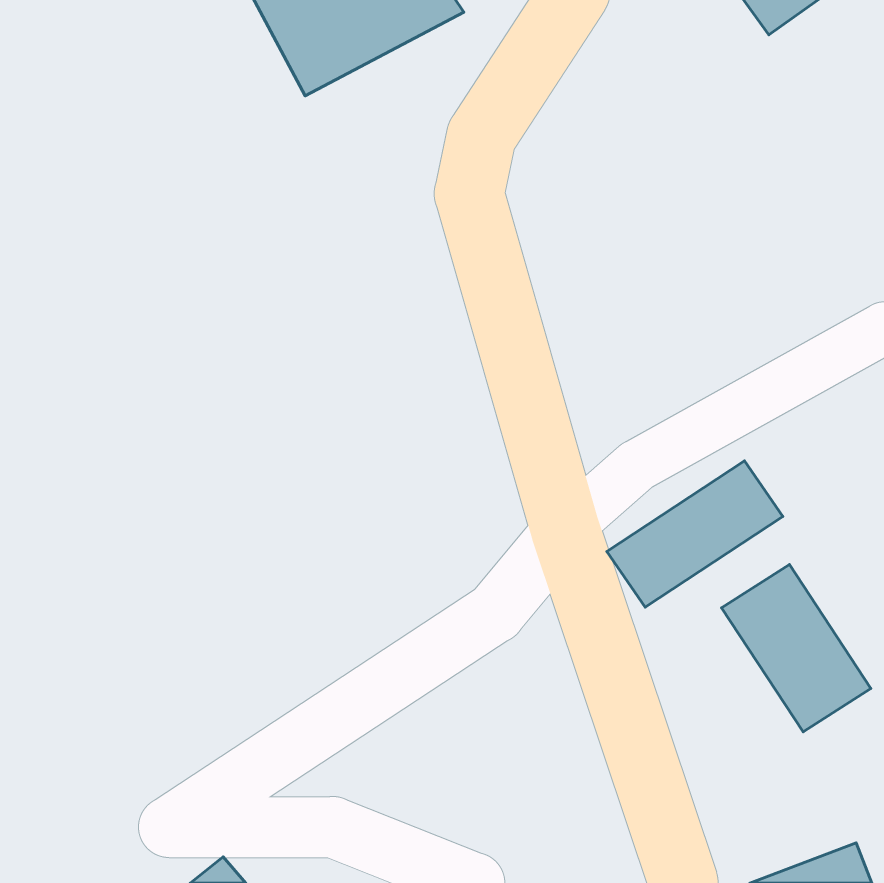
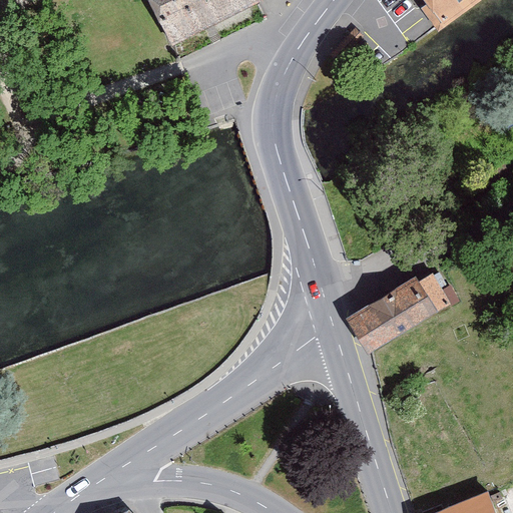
building: [722,565,871,732] -> none

